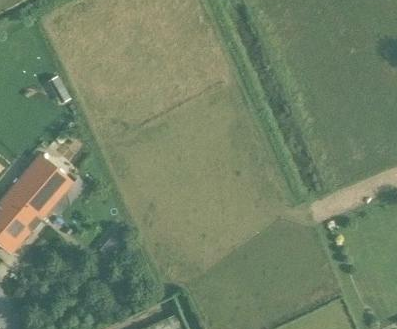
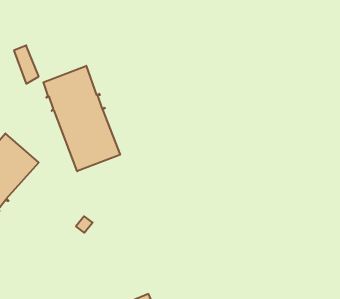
building: none -> [43,66,120,171]

